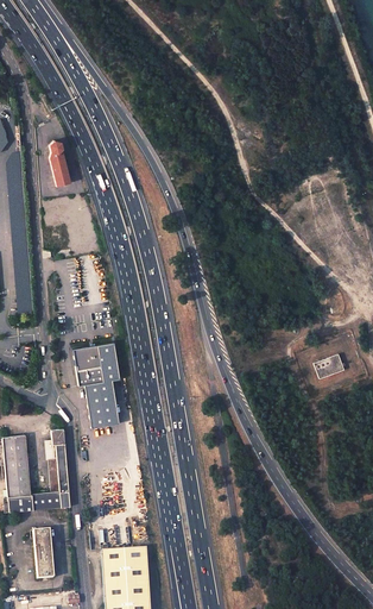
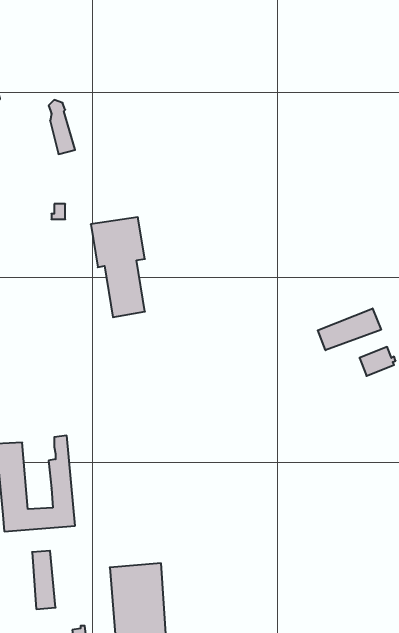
building: none -> [318,308,381,350]
building: [72,344,119,429] -> [91,217,145,317]

